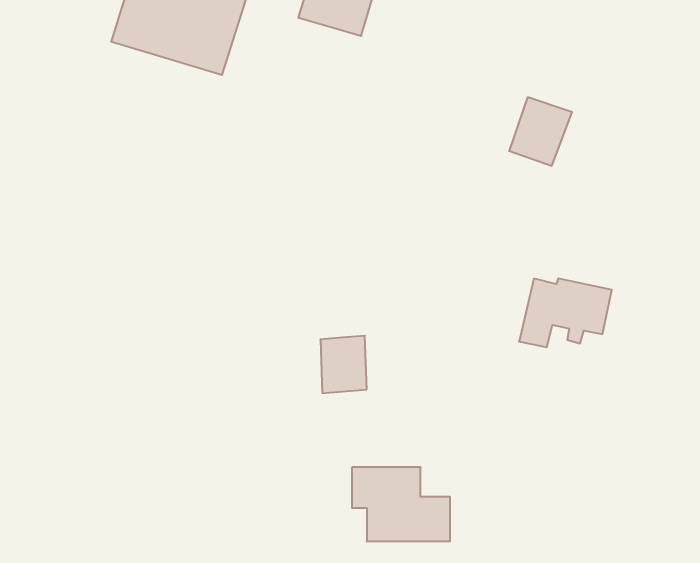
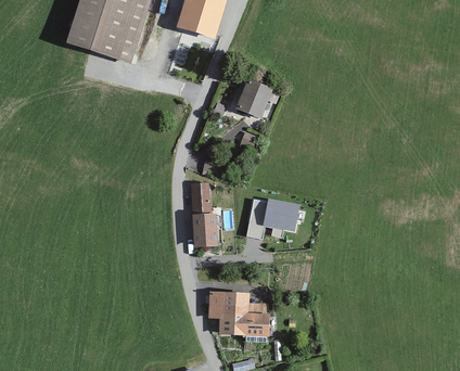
building: [509,97,572,166] -> [234,79,271,119]
building: [519,279,612,347] -> [245,199,299,239]
building: none -> [192,182,210,212]

